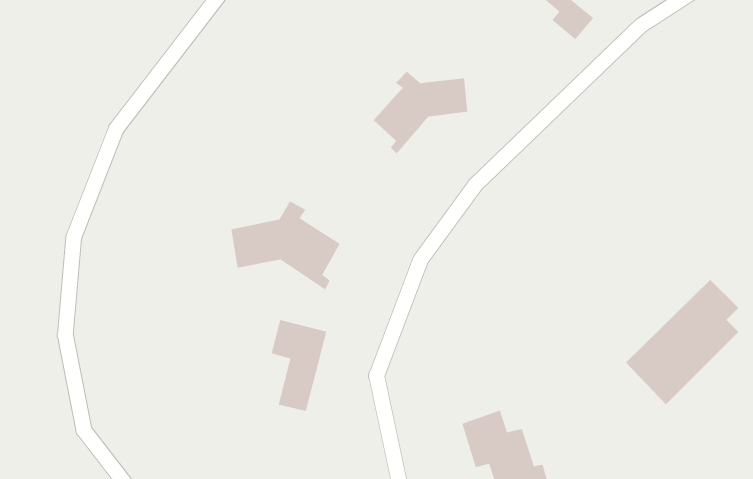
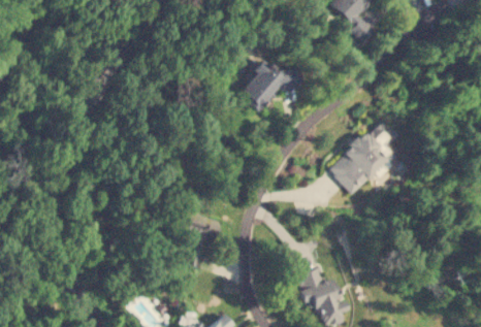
building: [231,200,340,290] -> none
building: [625,279,739,405] -> [329,119,398,195]

